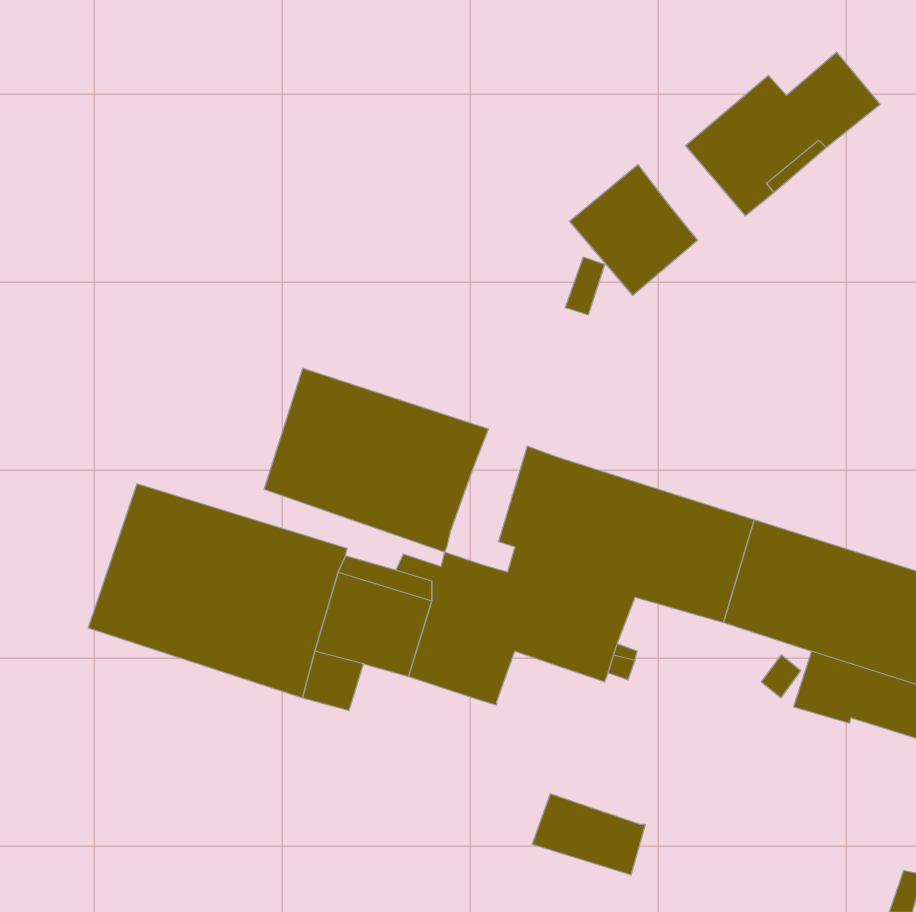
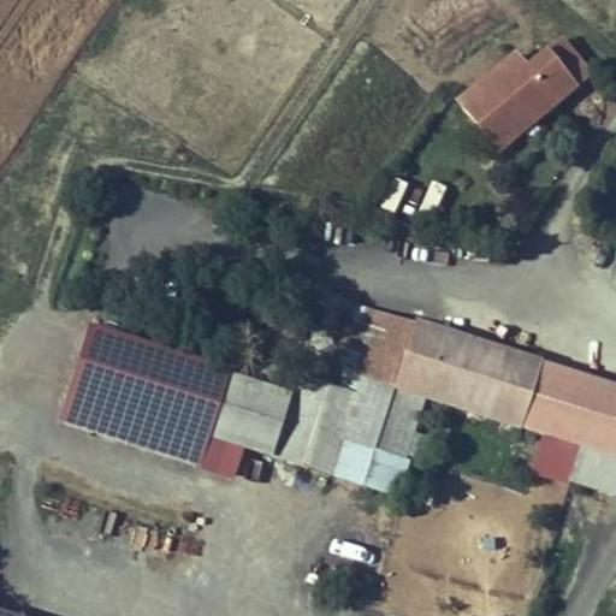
building: [570,165,697,295] -> none
building: [264,368,488,552] -> none
building: [532,794,645,875] -> [334,436,410,490]

